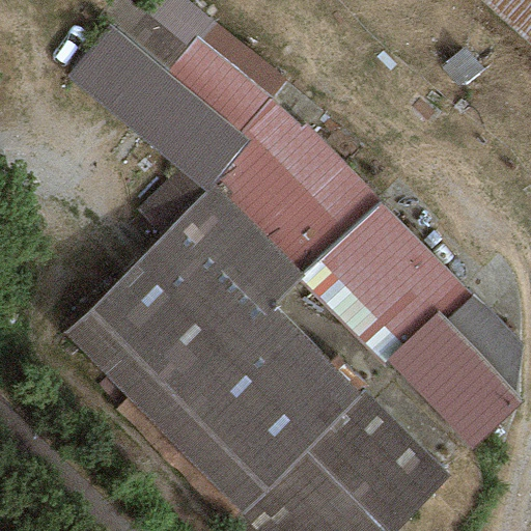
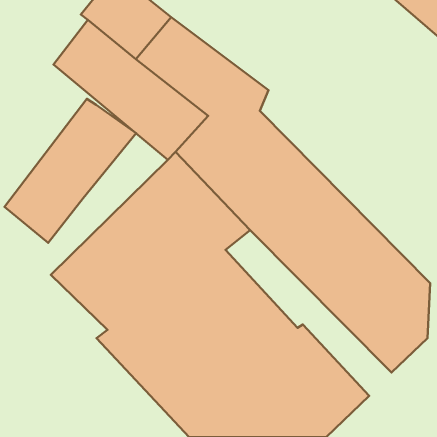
building: none -> [5,99,136,243]

